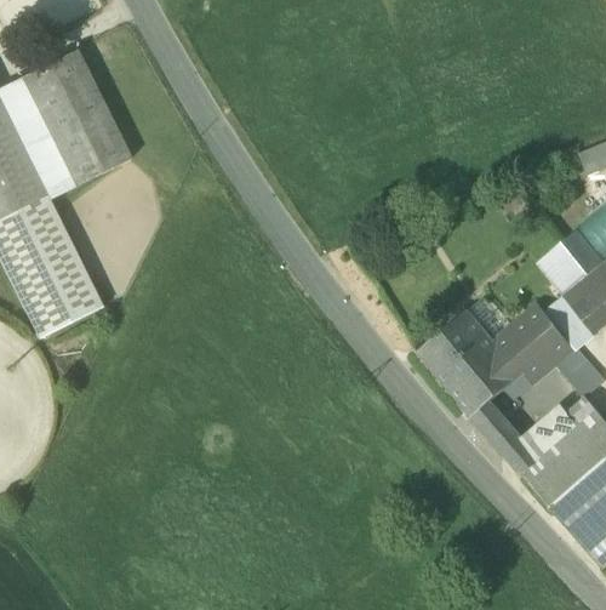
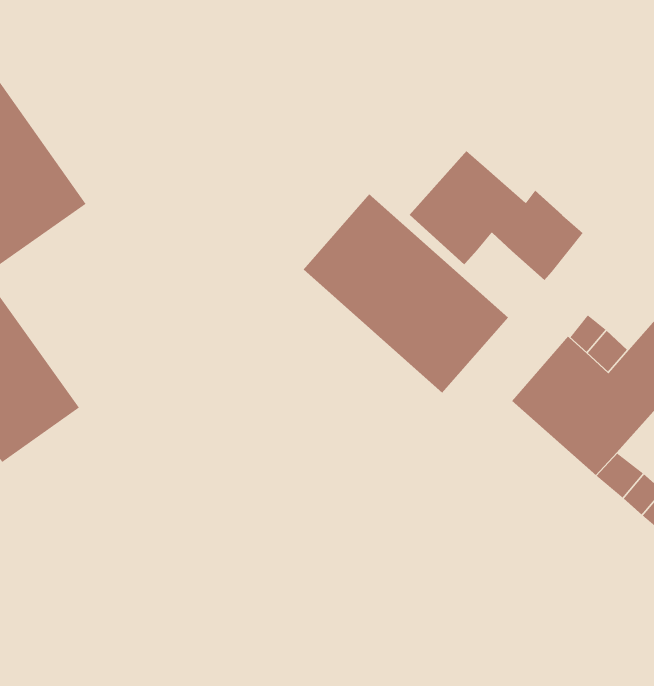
building: none -> [409,150,584,281]
building: none -> [303,194,509,393]

